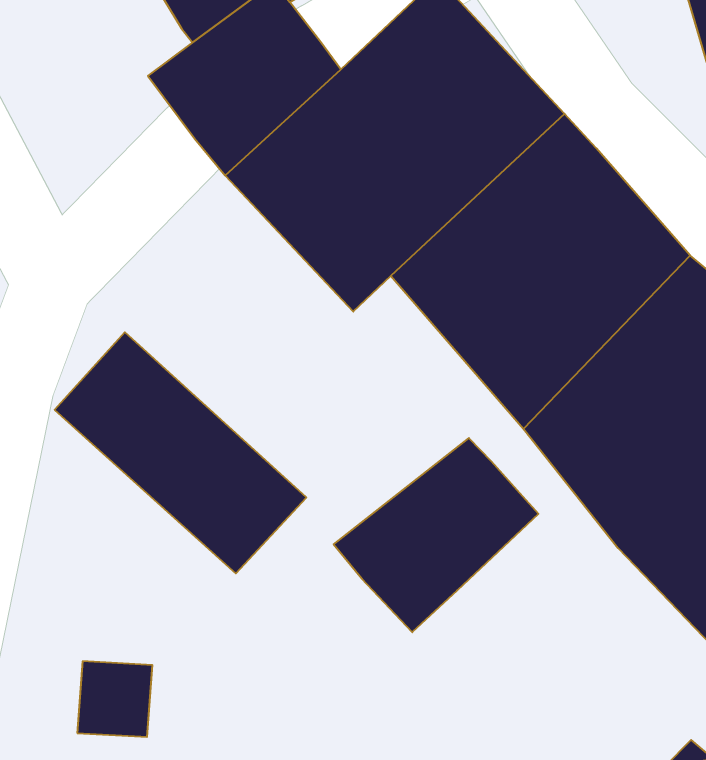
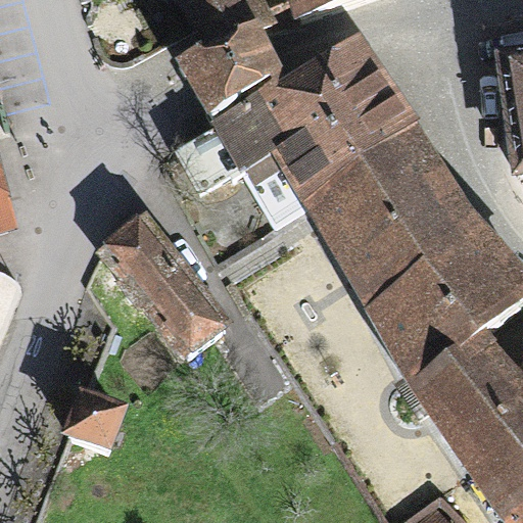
building: [334,438,538,632] -> none

